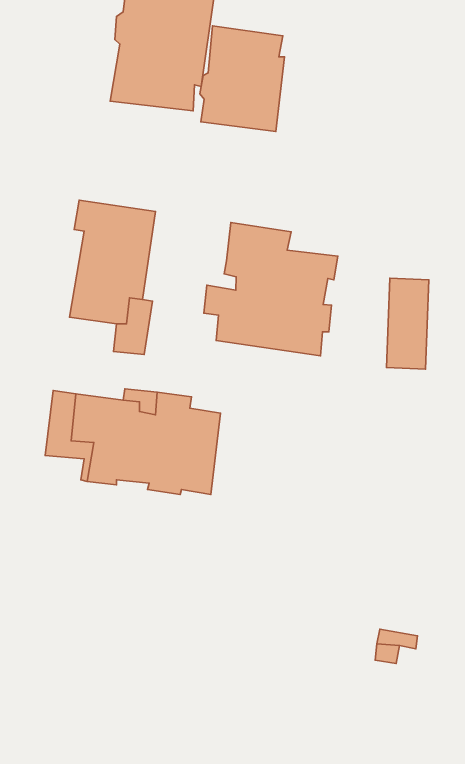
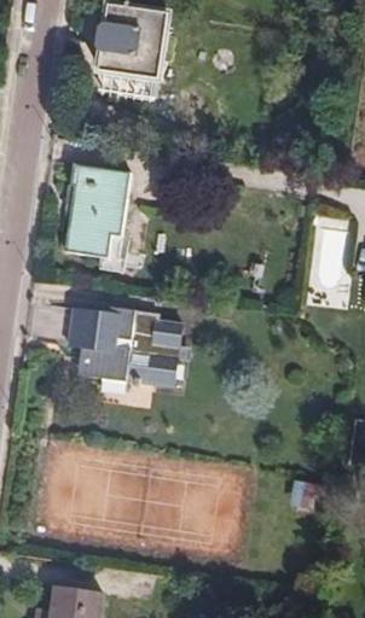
building: [200,26,284,131] -> none
building: [204,222,338,356] -> none

